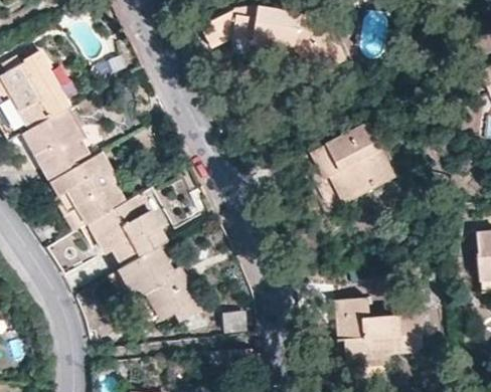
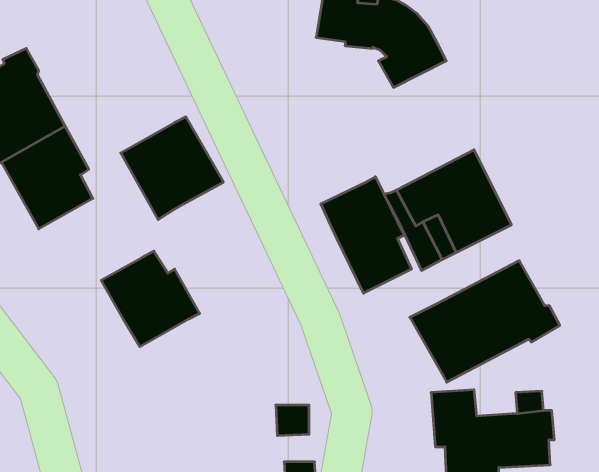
building: none -> [321,177,411,293]
building: [50,155,125,229] -> [121,117,223,220]
building: none -> [410,261,560,382]
building: [119,246,203,323] -> none

